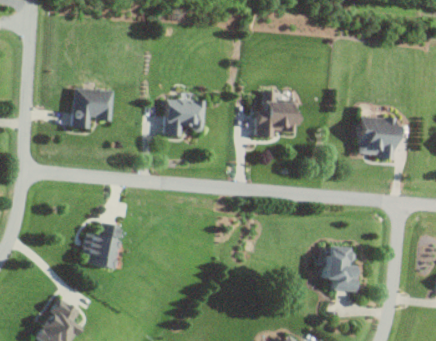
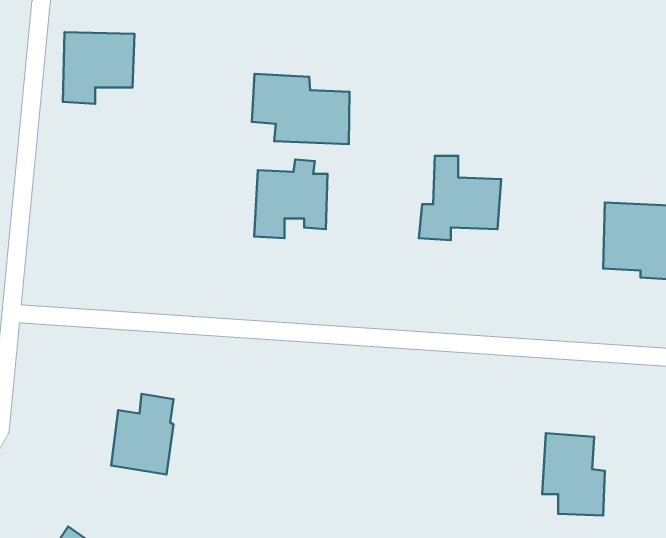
building: none -> [252,74,350,144]
building: [71,89,111,129] -> [63,32,134,104]

